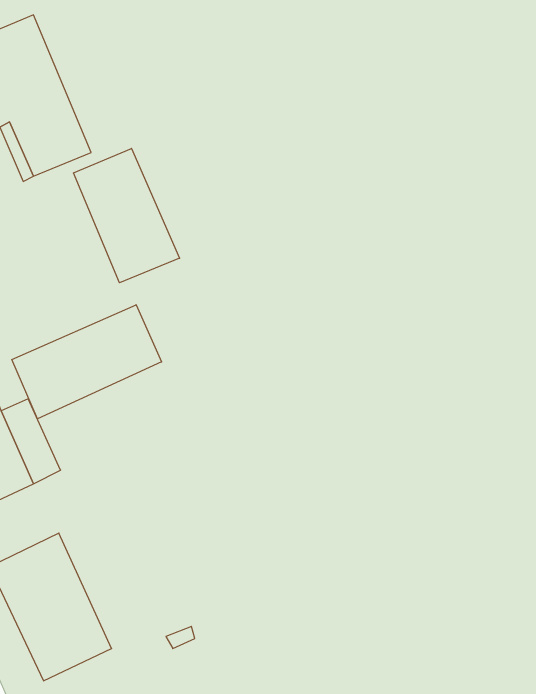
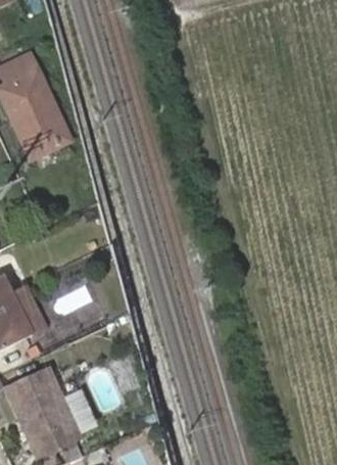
building: [74,148,180,283] -> none
building: [12,305,162,419] -> none

